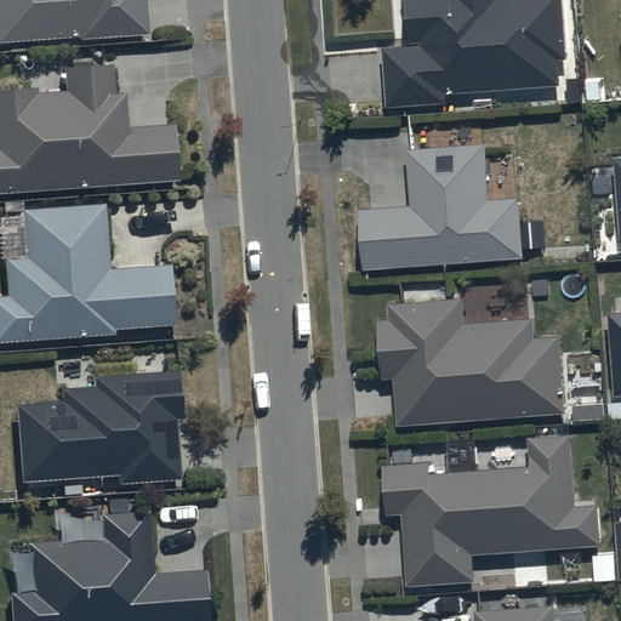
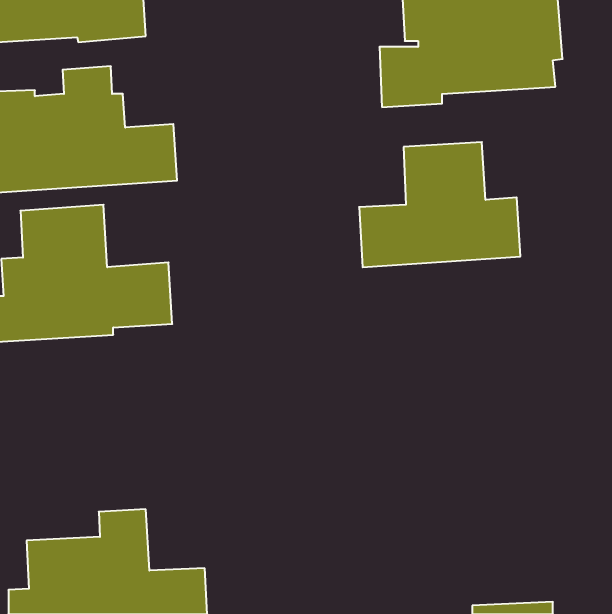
building: [377,300,564,426] -> none
building: [11,365,180,480] -> none
building: [384,435,600,585] -> none

